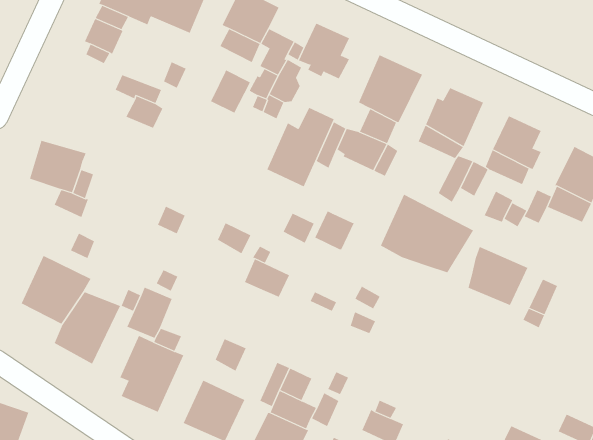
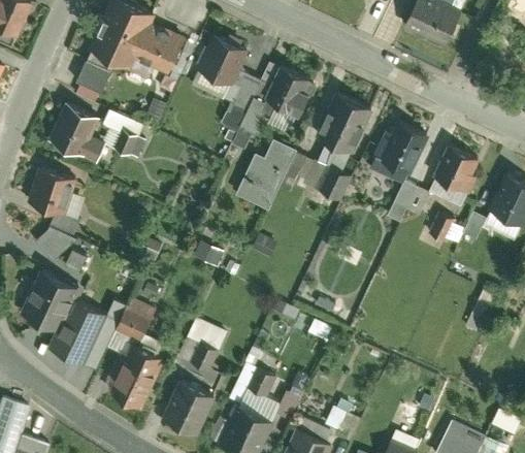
building: none -> [48,102,106,164]
building: [210,70,250,114] -> none
building: [380,194,474,273] -> none
building: none -> [36,228,79,264]
building: [314,210,355,250] -> none
building: [468,246,528,306] -> none
building: [244,259,290,297] -> [188,318,228,352]

